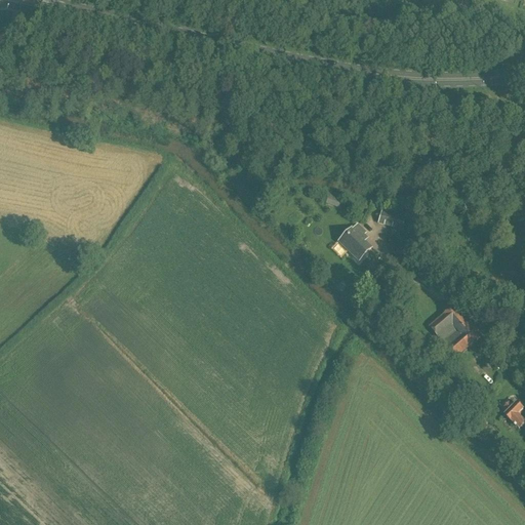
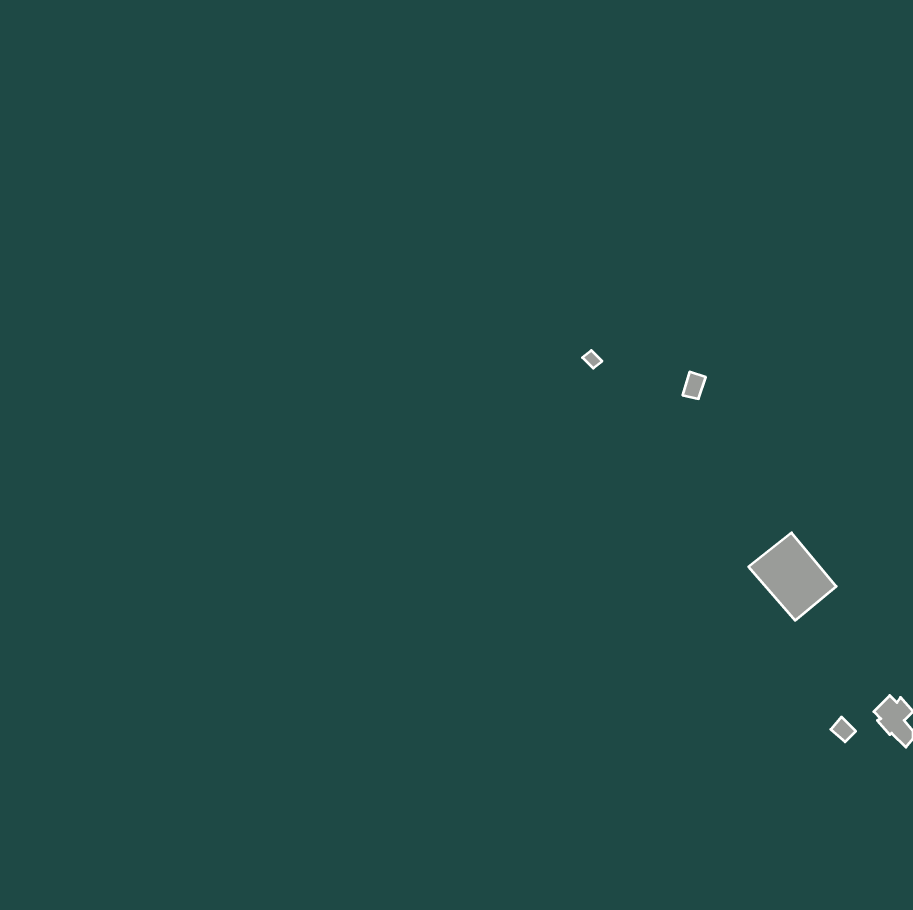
building: [338,224,370,259] -> none

